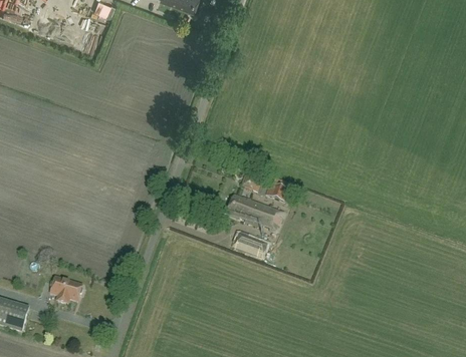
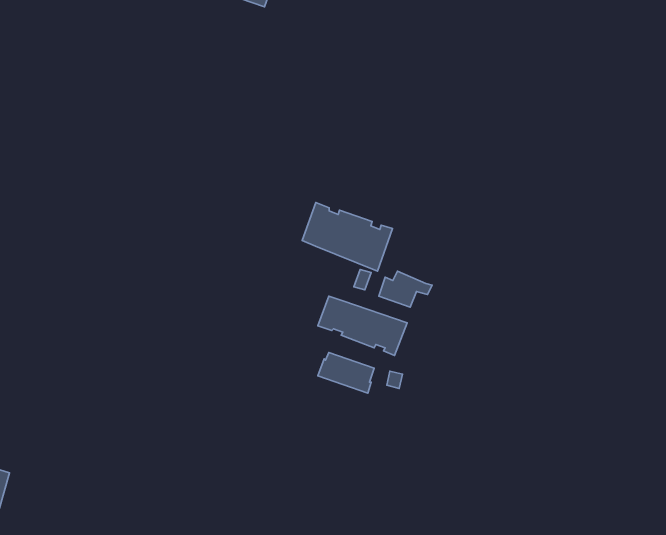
building: none -> [302,202,392,271]
building: [50,278,83,305] -> none

